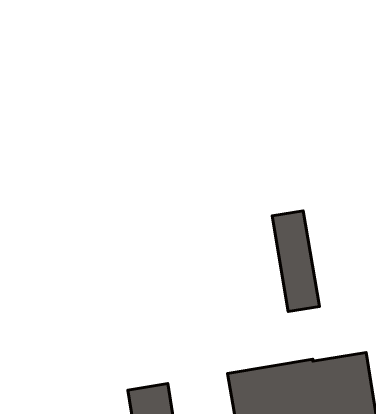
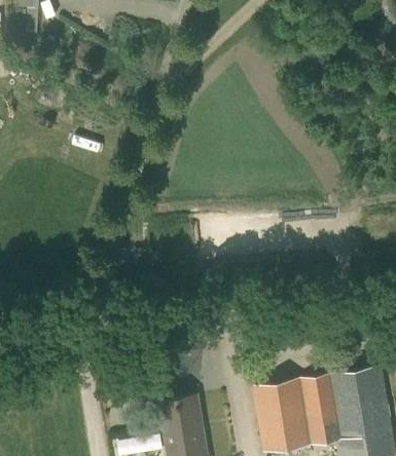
building: [272,211,319,311] -> none

